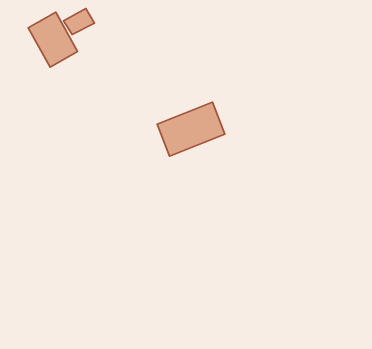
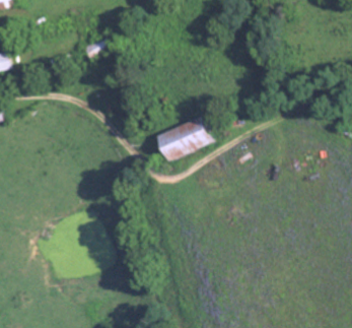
building: [28,12,78,67] -> none

